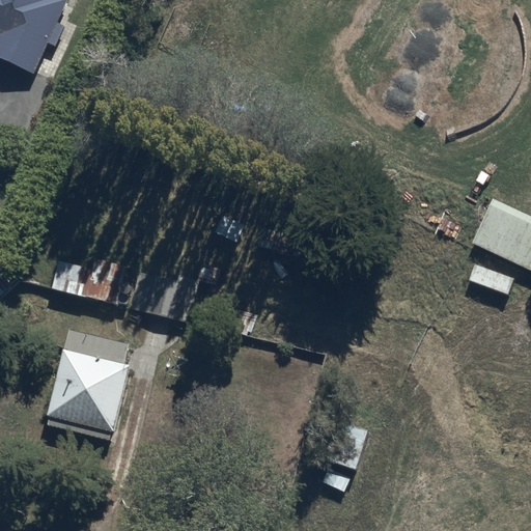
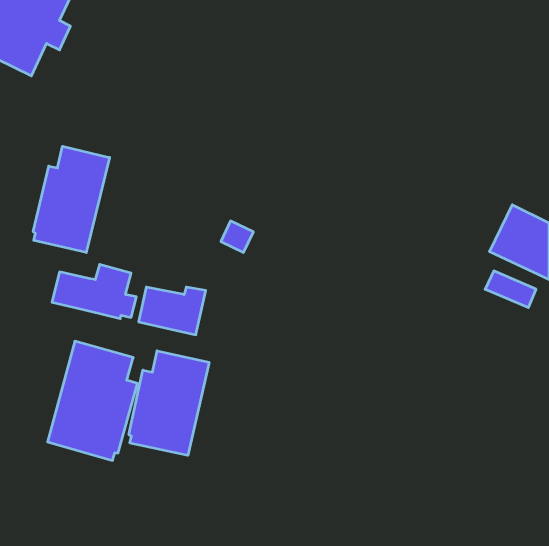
building: none -> [33,146,110,253]
building: none -> [129,351,209,455]

